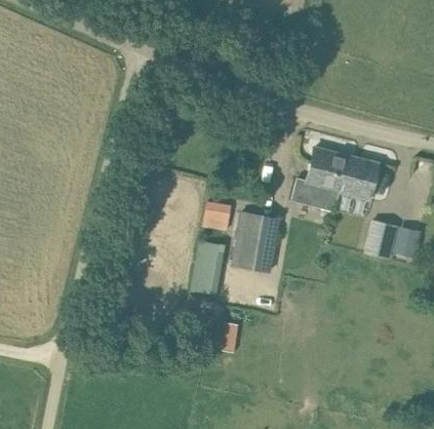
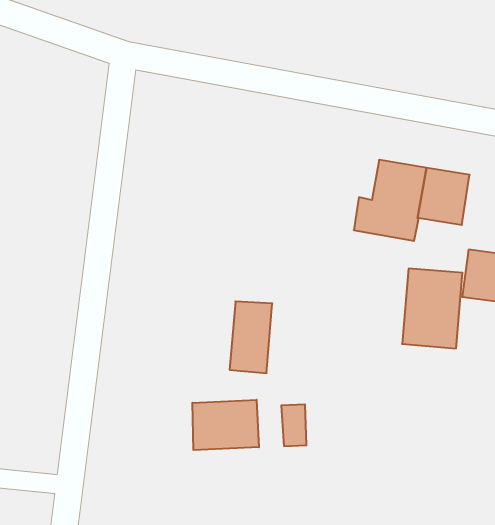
building: [202,201,231,231] -> none
building: [231,211,280,273] -> [402,269,463,348]
building: none -> [192,400,259,450]

